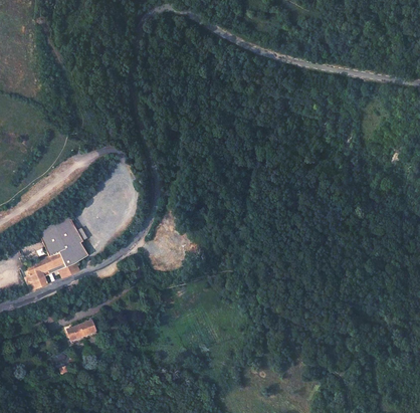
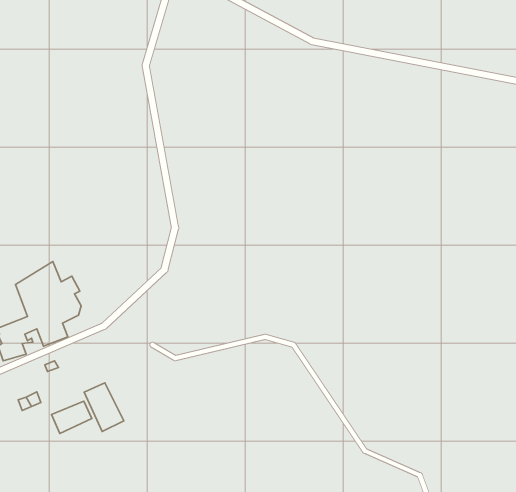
building: none -> [84,383,124,432]

